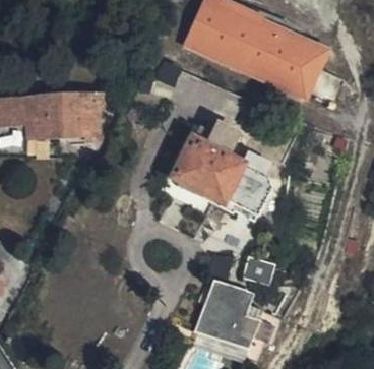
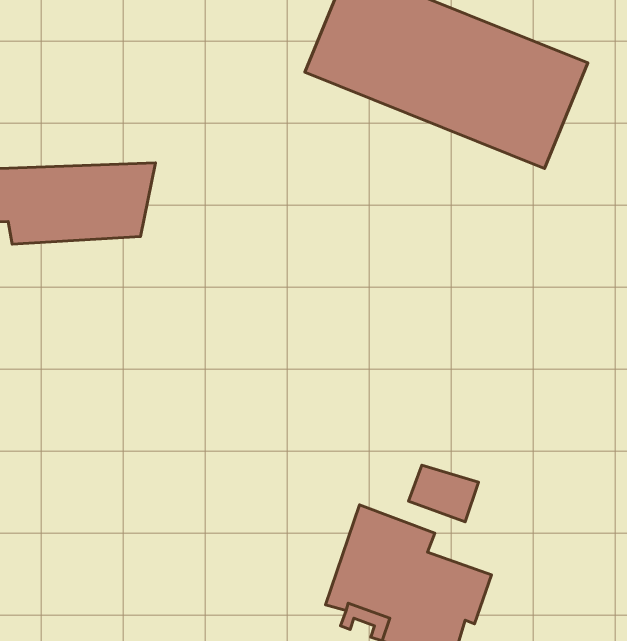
building: [172,127,272,218] -> none

